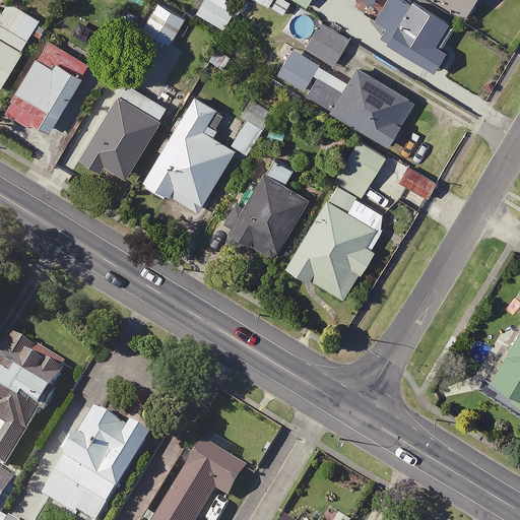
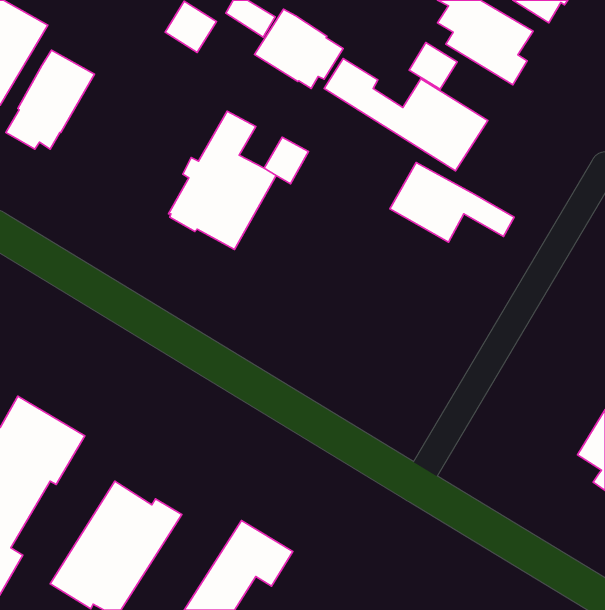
building: none -> [255,9,343,89]
building: [305,25,345,65] -> [409,43,457,89]
building: [83,84,166,176] -> none
building: [229,157,306,257] -> none
building: [285,185,376,298] -> none

